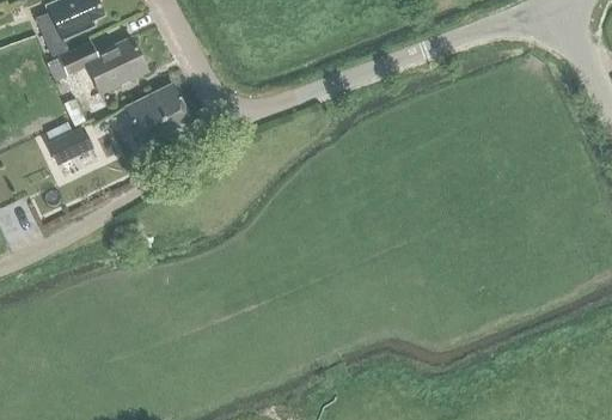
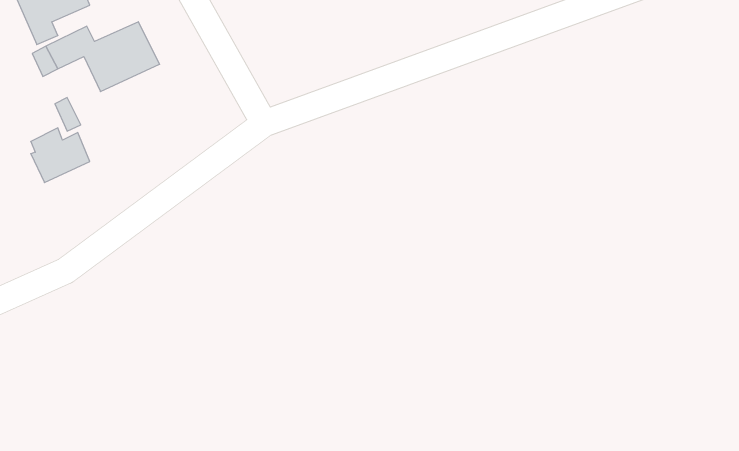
building: [126,84,194,152] -> none

